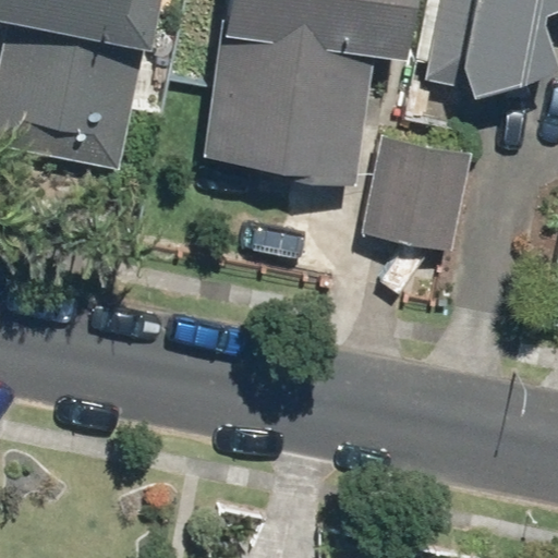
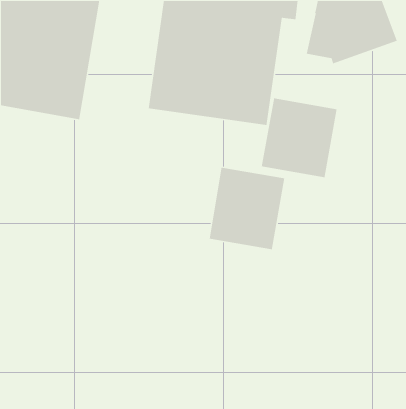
building: none -> [209,167,285,250]

